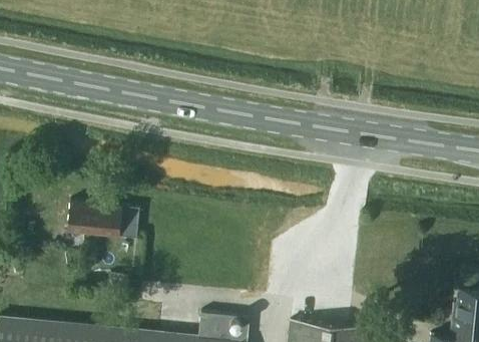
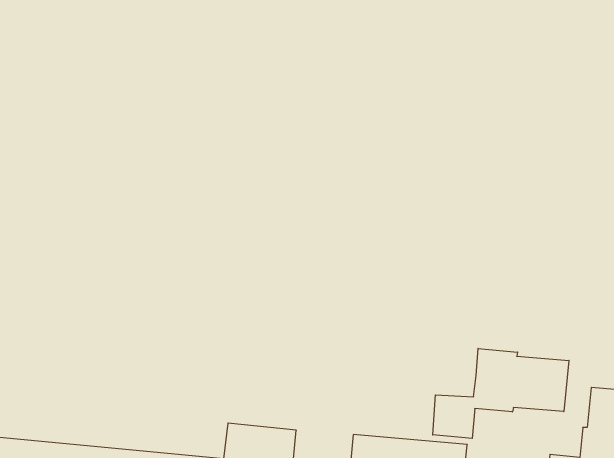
building: [67,205,140,241] -> none
building: none -> [433,348,569,438]

